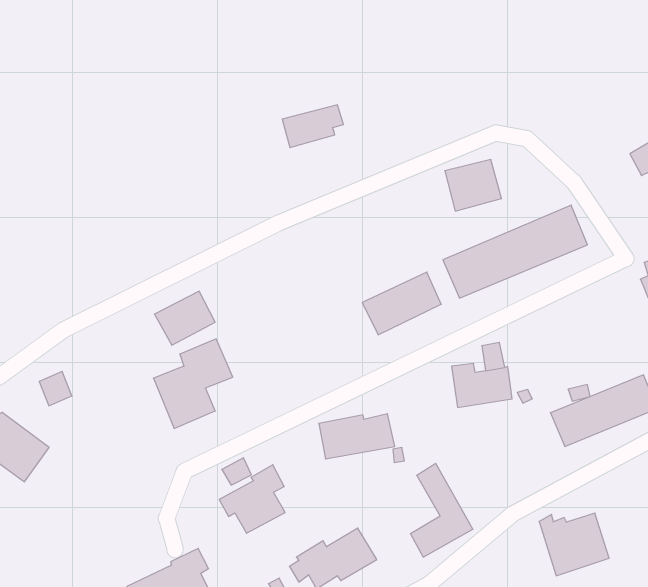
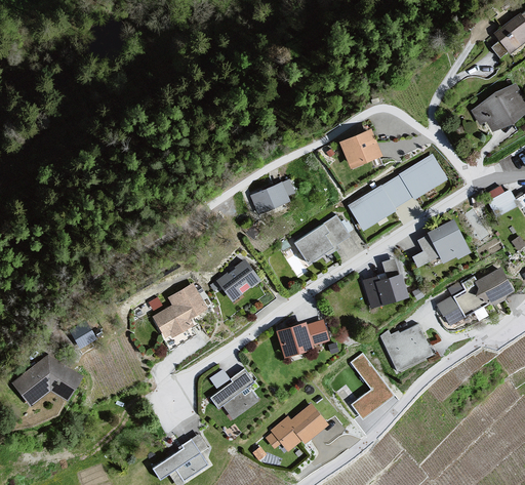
building: [282,105,343,148] -> [251,179,295,214]
building: [154,291,215,345] -> [216,260,260,301]
building: none -> [412,219,471,268]
building: [539,513,609,576] -> [380,324,434,372]

